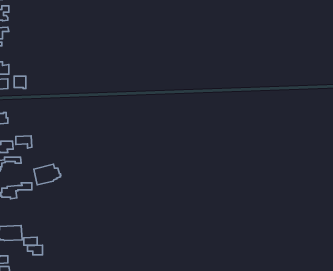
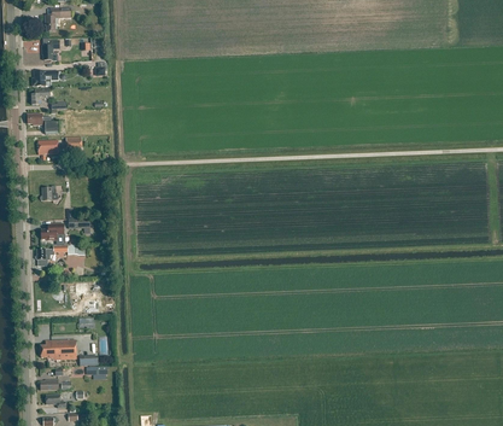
building: [34,164,61,185] -> none

